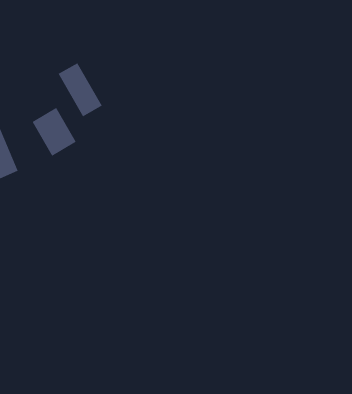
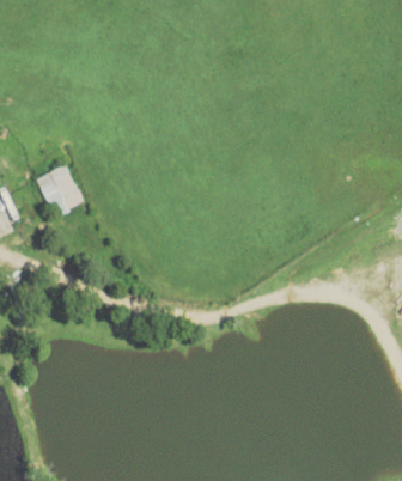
building: [58,63,103,117] -> none

